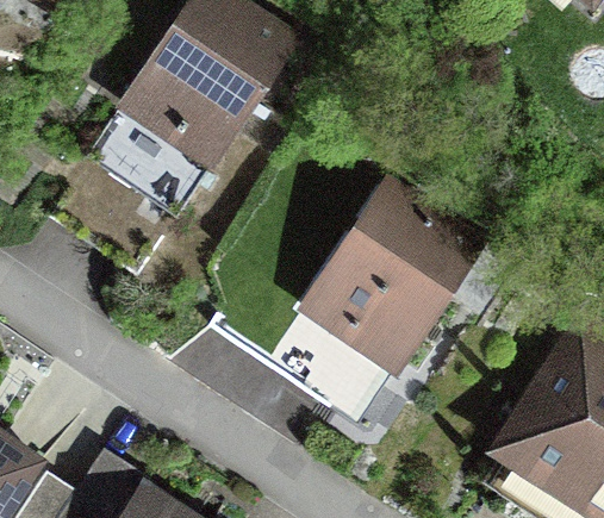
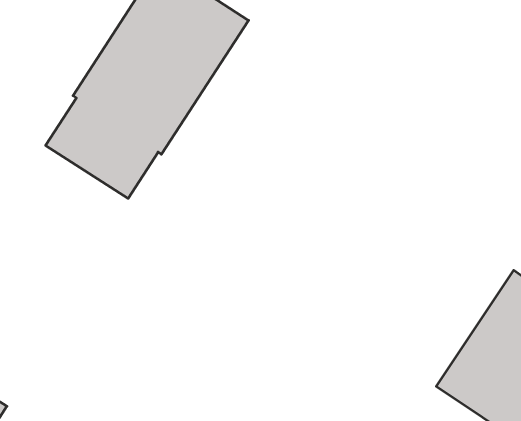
building: [300,182,475,372] -> none

